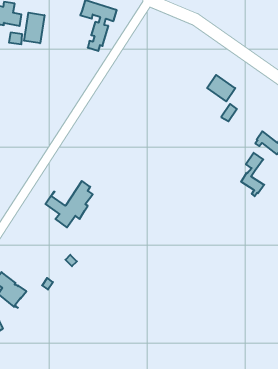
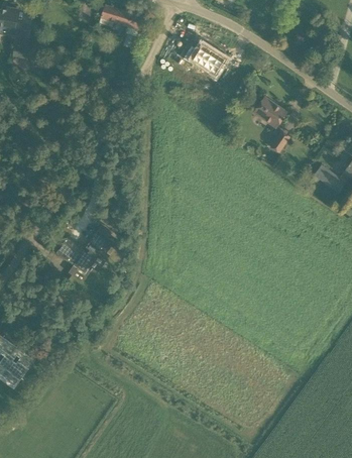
building: [24,13,44,43] -> none
building: none -> [183,42,225,73]
building: [241,153,264,196] -> none

